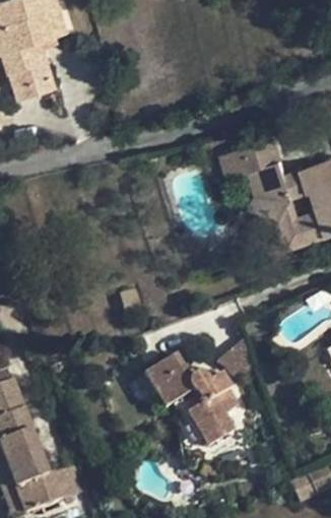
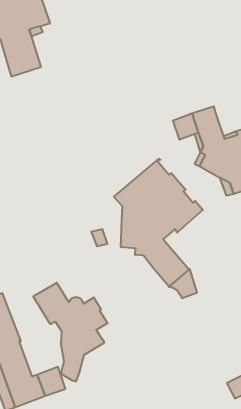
building: none -> [114,159,203,287]
building: [143,357,237,480] -> [33,283,108,381]

